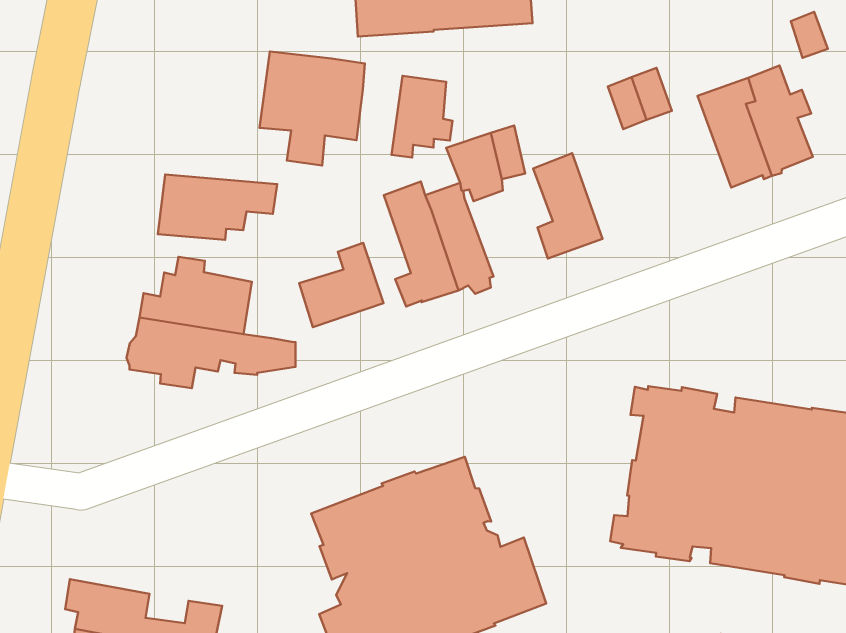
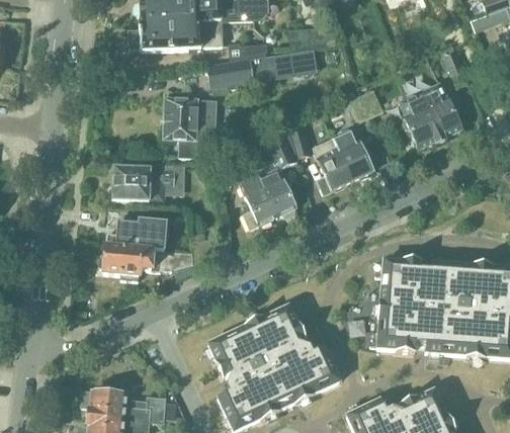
building: [392,76,452,158] -> none
building: none -> [333,128,373,182]
building: [299,243,383,327] -> none

